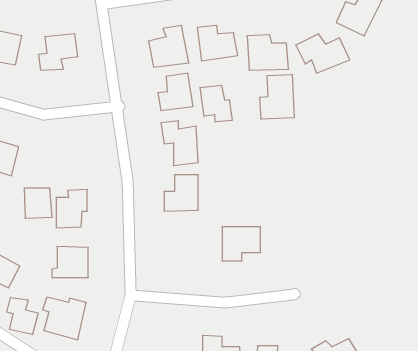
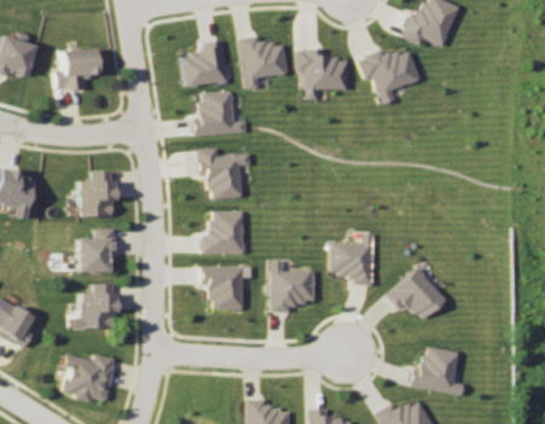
building: [260,74,294,119] -> none
building: [200,85,232,122] -> none
building: [24,188,52,218] -> [80,180,112,215]
building: none -> [334,243,373,284]
building: none -> [203,267,245,308]
building: none -> [390,267,446,319]
building: none -> [411,348,456,396]
building: [7,297,38,335] -> none

